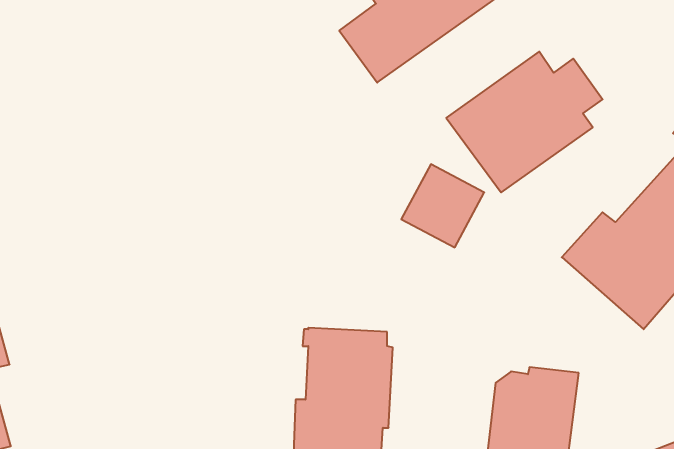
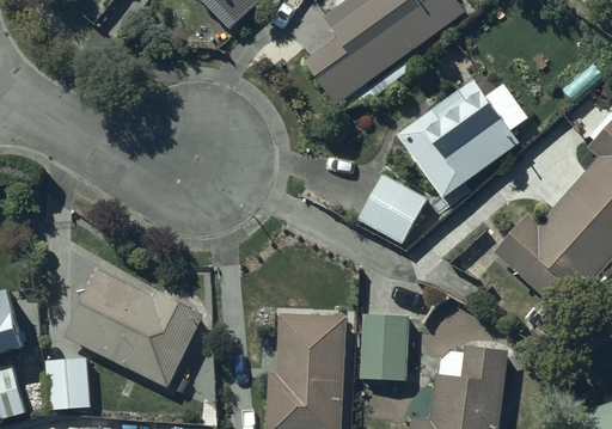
building: none -> [62,270,202,387]
building: none -> [359,313,406,380]
building: none -> [44,360,88,410]

